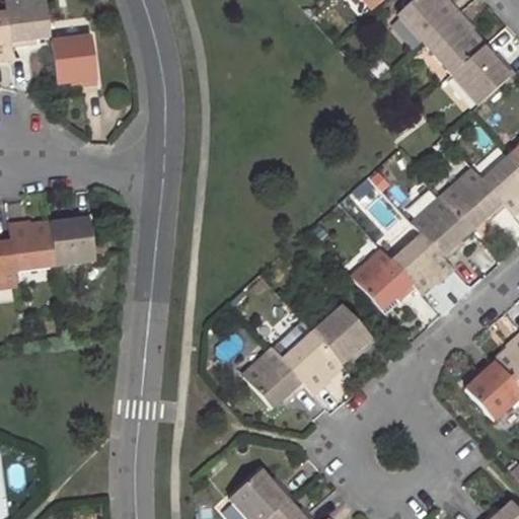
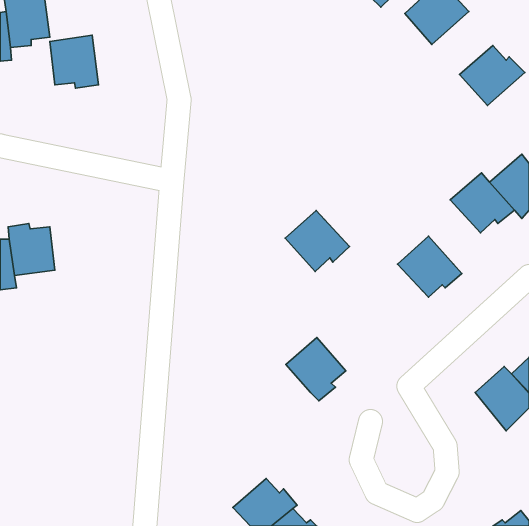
building: [423,11,483,73] -> none
building: [412,196,470,258] -> none
building: [49,212,94,265] -> none
building: [351,249,414,309] -> [285,210,349,271]
building: [310,303,373,363] -> none
building: [241,348,304,407] -> none

